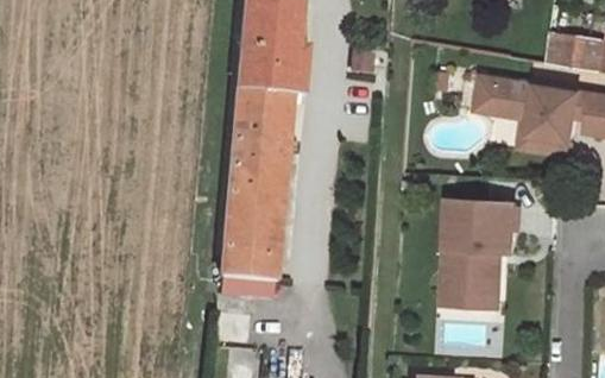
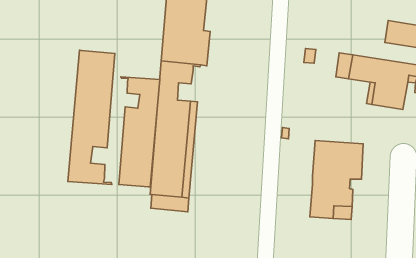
building: none -> [68,50,115,184]
building: none -> [119,77,160,187]

